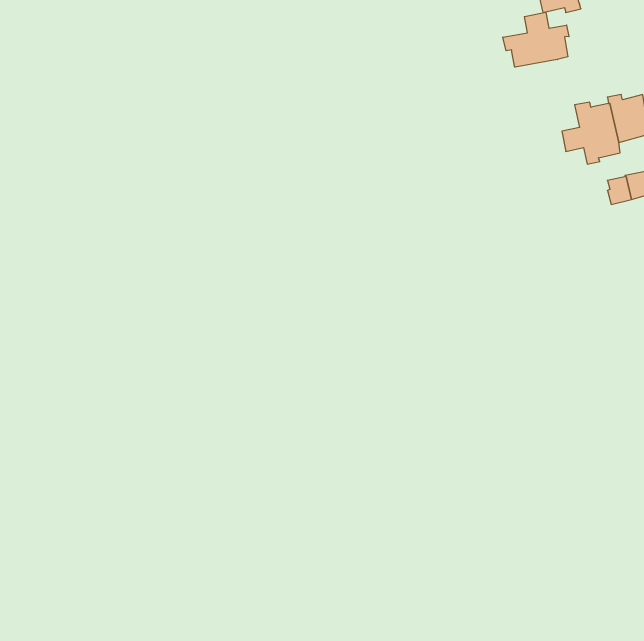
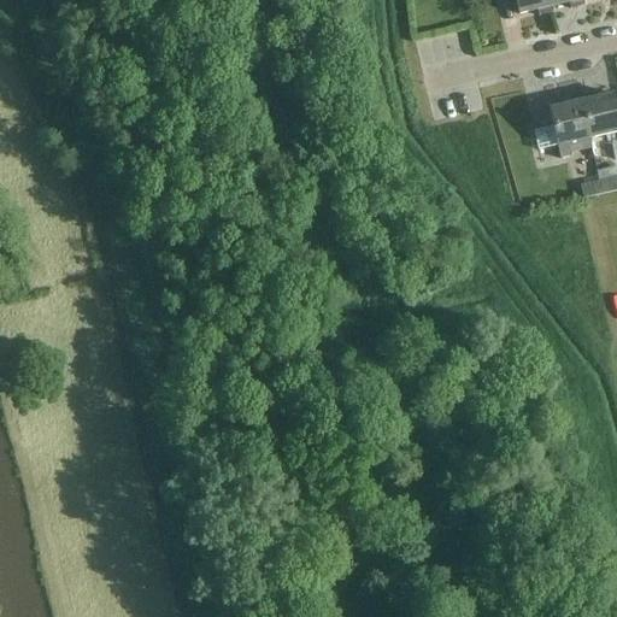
building: [503,12,569,67] -> none

